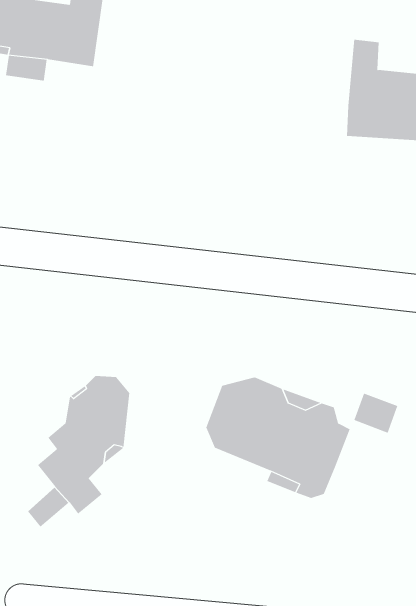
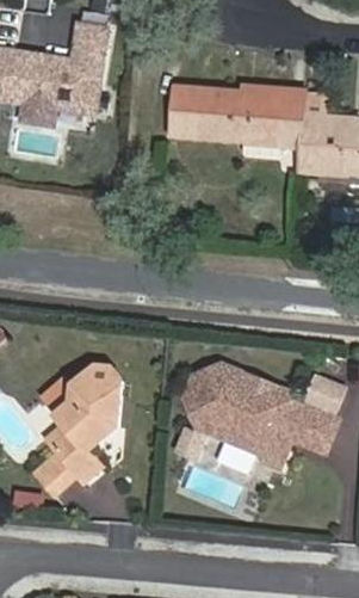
building: none -> [168,84,304,143]
building: none -> [290,409,335,454]

